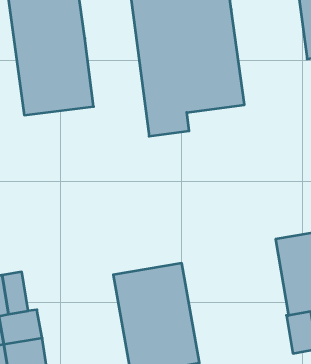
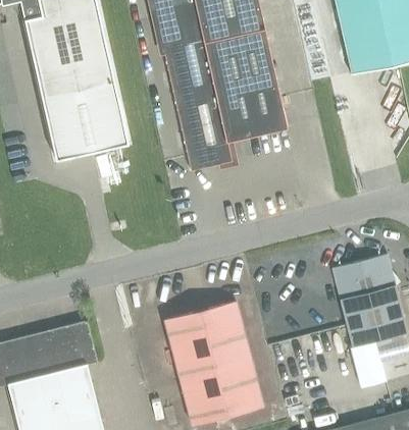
building: none -> [66,320,97,366]

